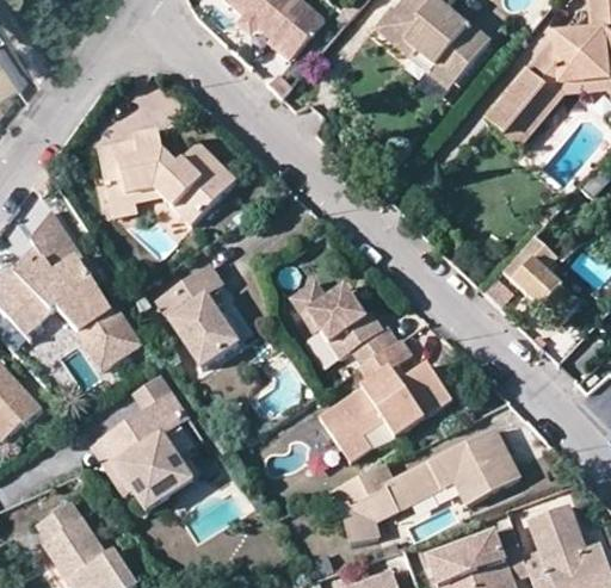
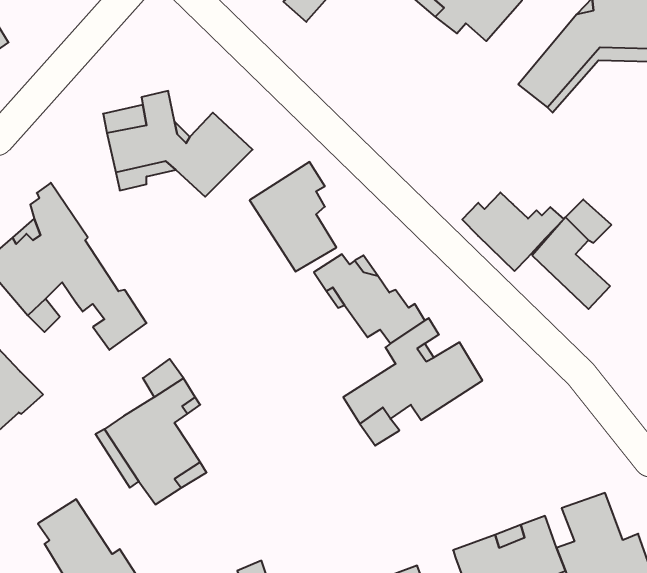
building: none -> [462,192,564,271]
building: [162,262,243,365] -> [250,162,336,272]
building: [334,423,520,540] -> none

